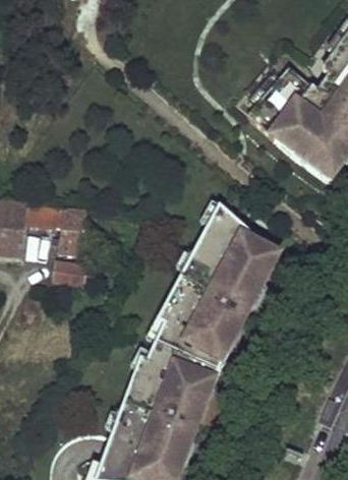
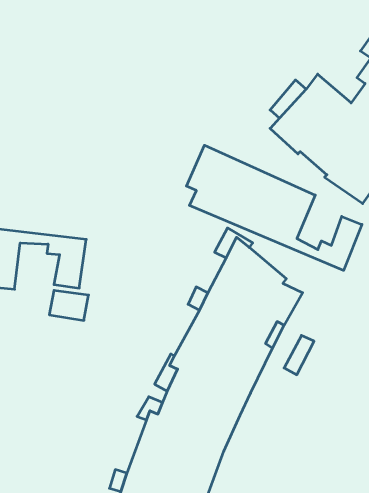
building: none -> [186,145,362,270]

